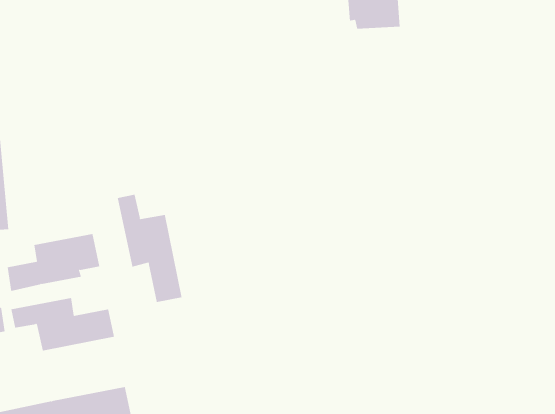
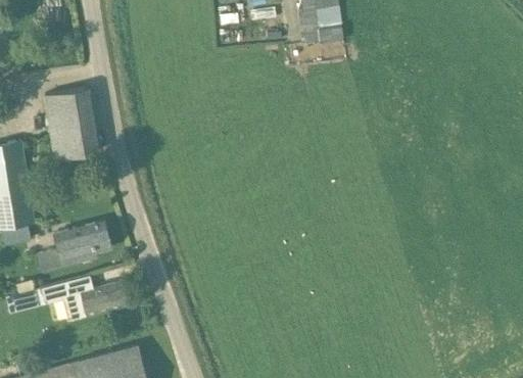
building: none -> [43,87,99,159]
building: [117,194,182,303] -> none

